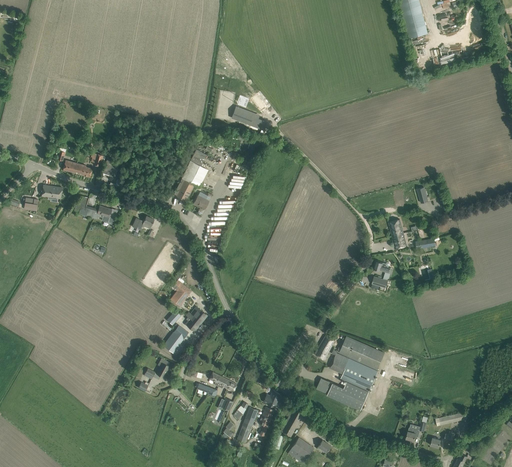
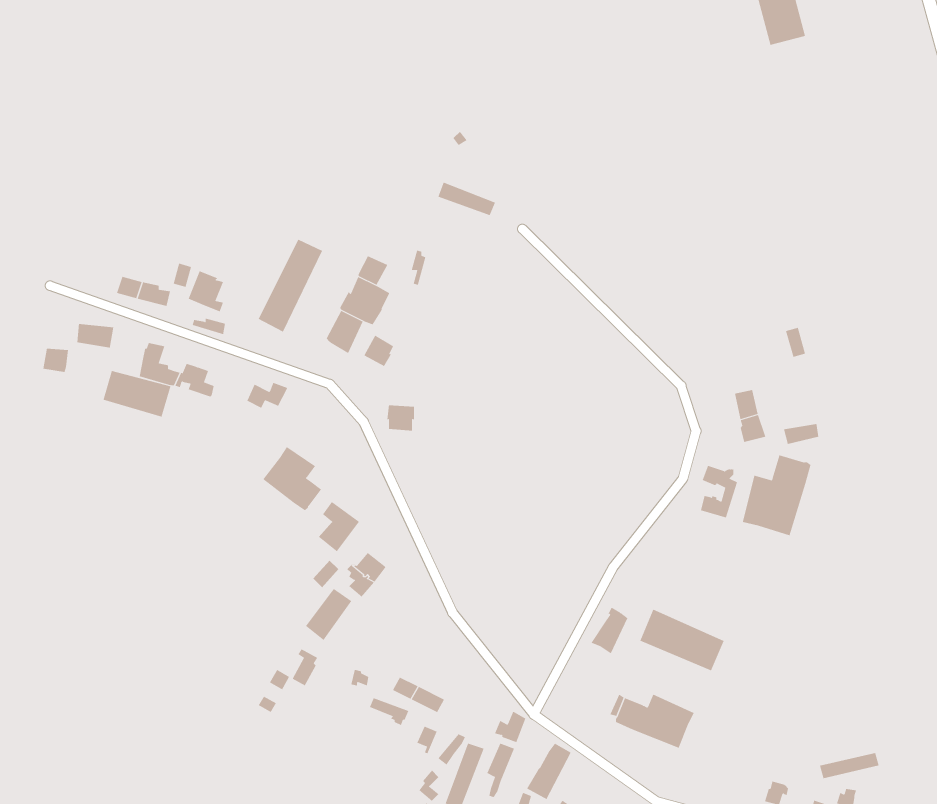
building: none -> [258,239,323,332]
building: none -> [103,370,171,417]
building: none -> [262,446,322,511]
building: none -> [742,454,811,536]
building: [328,350,377,391] -> none

